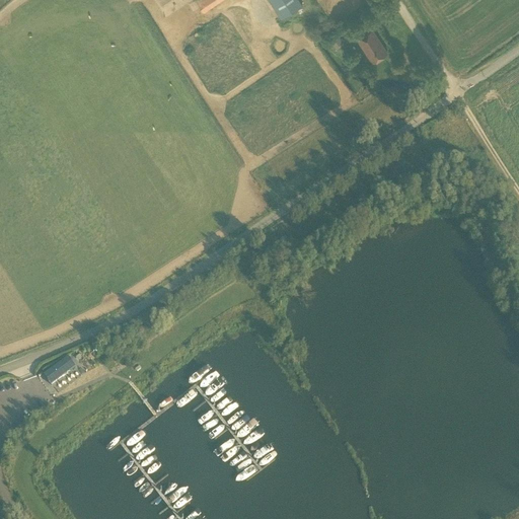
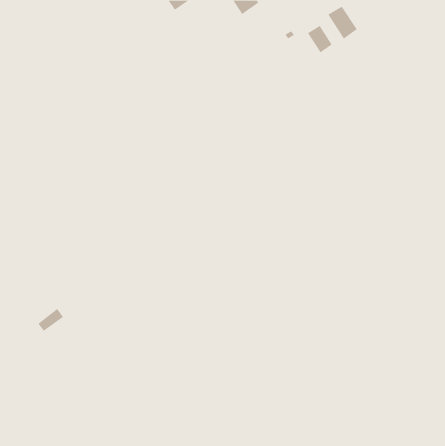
building: none -> [327,6,358,39]

